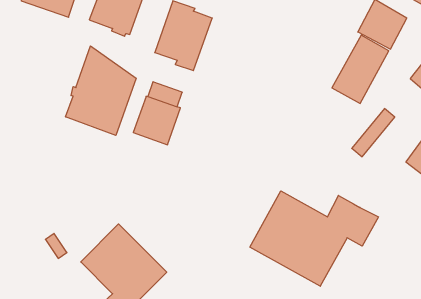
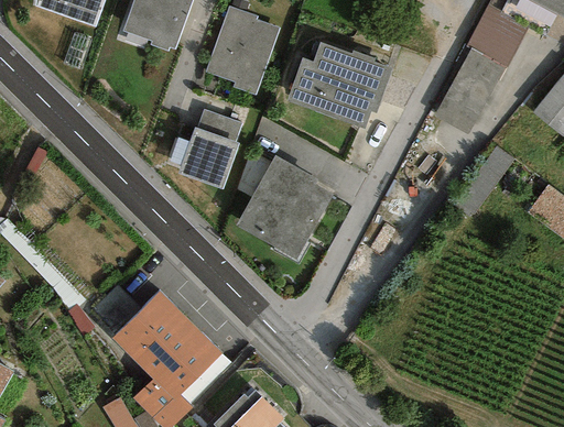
building: none -> [286,41,393,129]
building: [66,46,136,135] -> none
building: none -> [236,154,334,259]
building: [250,191,378,286] -> none

